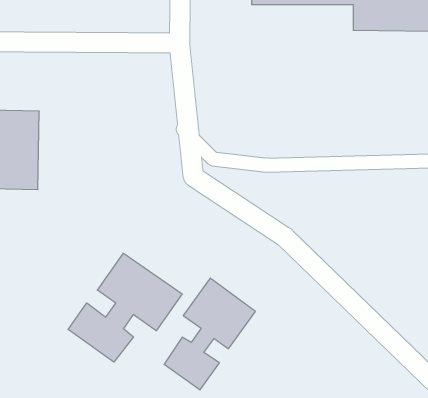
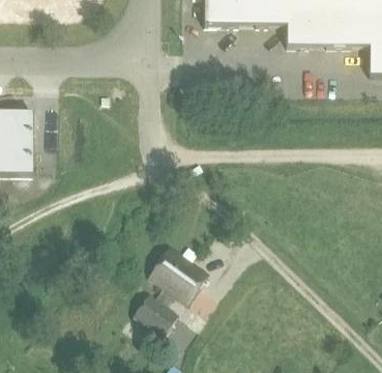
building: [68,253,182,362] -> none

